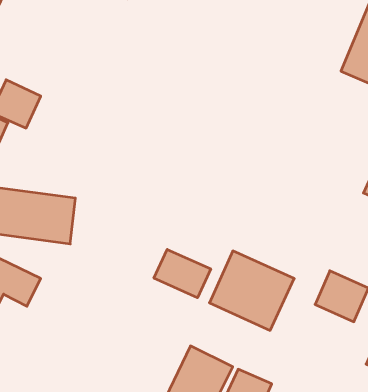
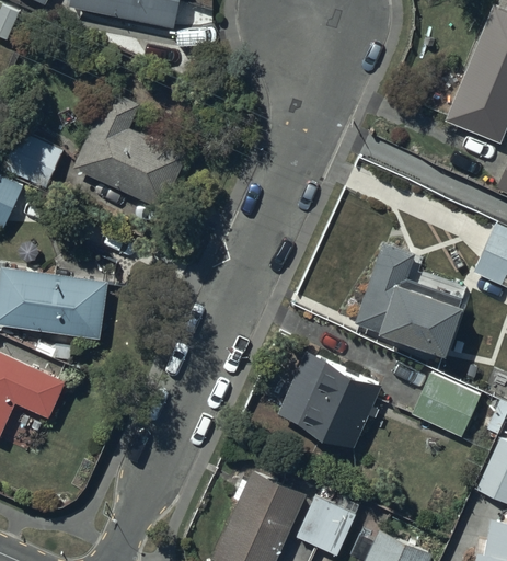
building: none -> [72,89,186,209]
building: none -> [354,243,465,350]
building: [154,249,211,298] -> none

